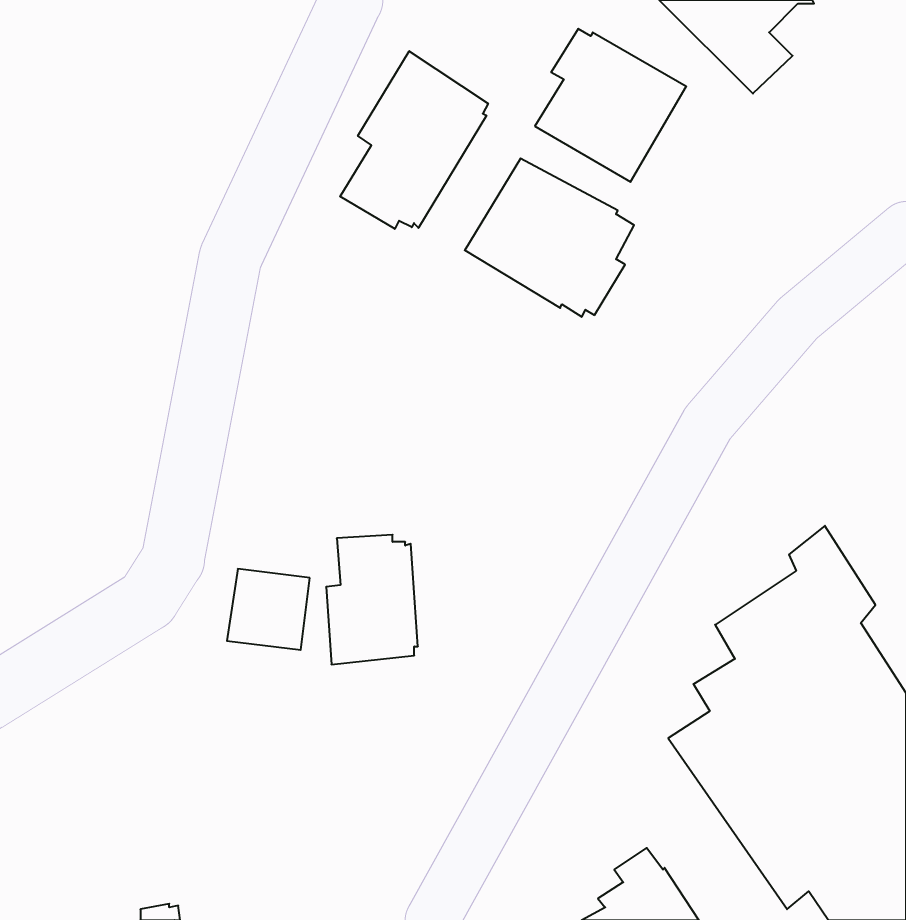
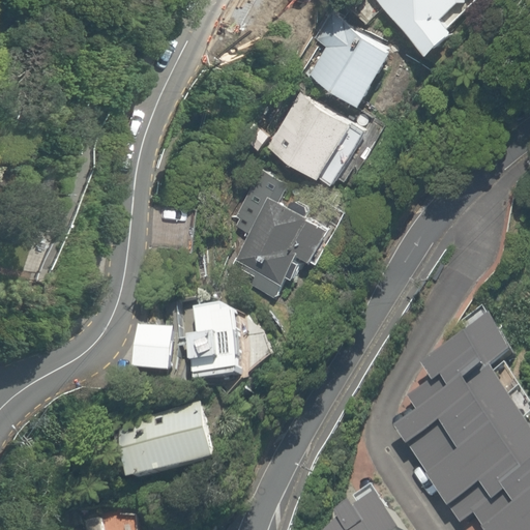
building: [340,51,488,229] -> none
building: none -> [232,170,325,296]
building: none -> [117,404,215,482]

